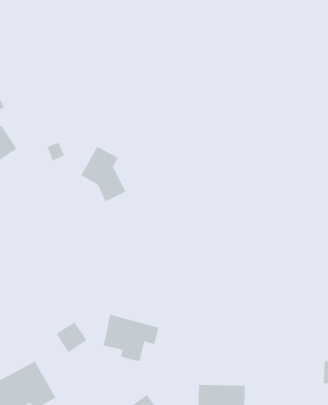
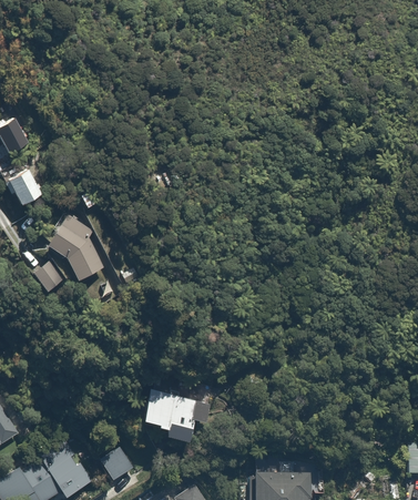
building: [81,146,126,202] -> [48,213,101,278]
building: none -> [32,258,64,293]
building: [56,322,87,353] -> [99,442,135,479]

